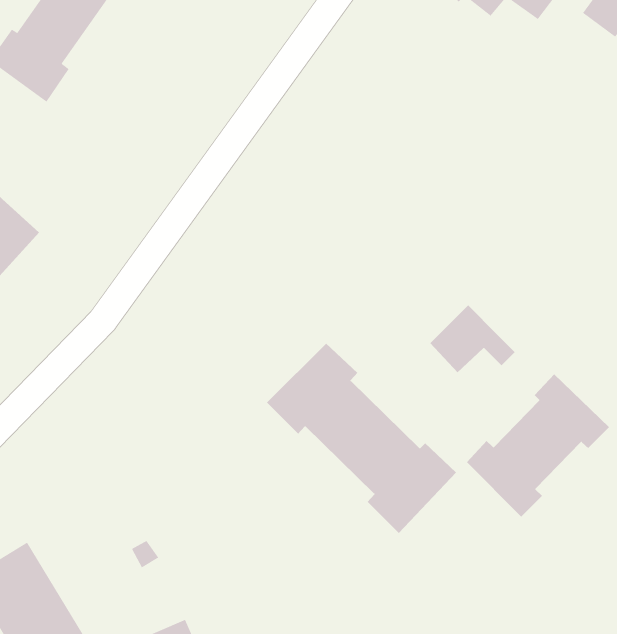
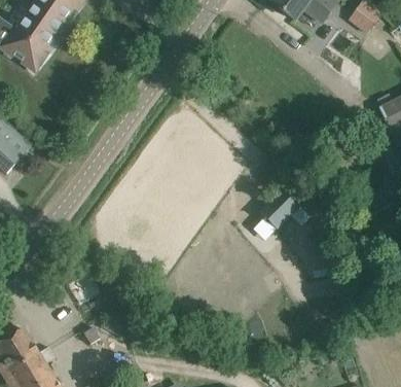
building: [266,343,457,534] -> none
building: [466,373,610,517] -> none

